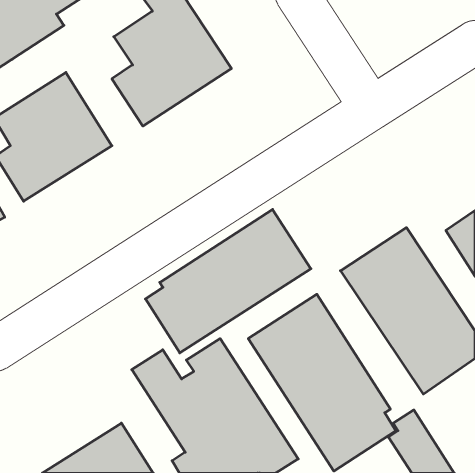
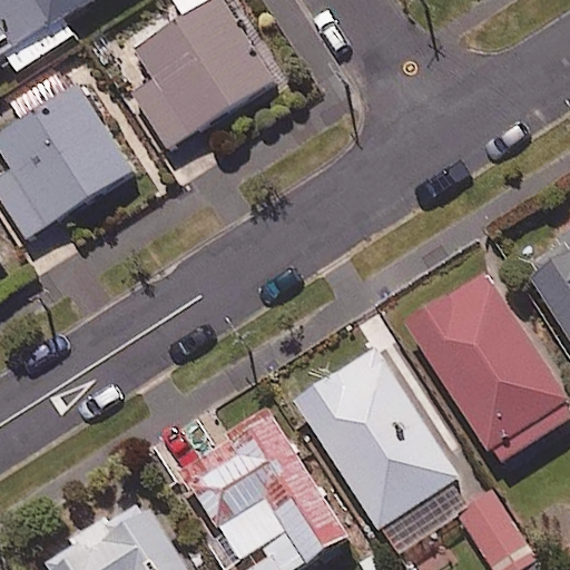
building: [145,209,311,353] -> none

